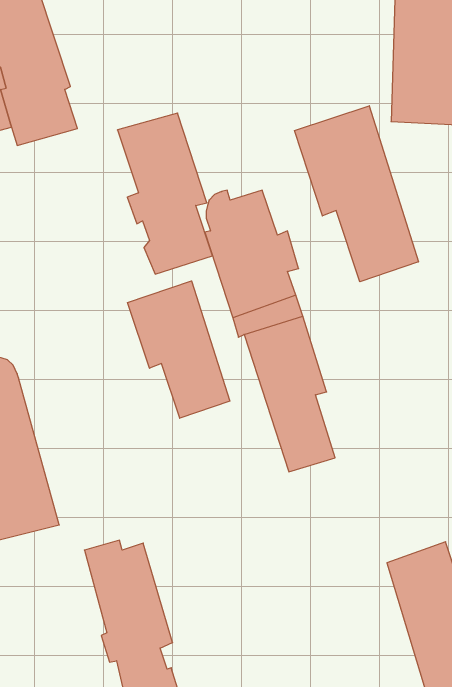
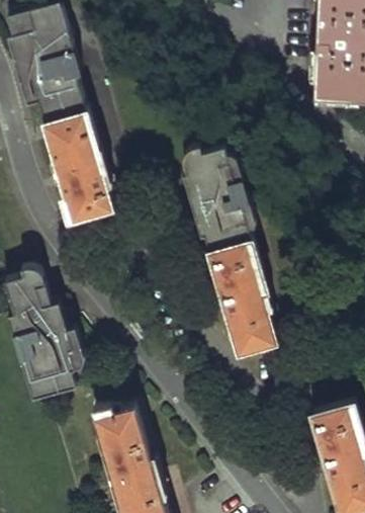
building: [294,106,418,282] -> none
building: [117,113,213,274] -> [44,105,113,222]
building: [128,281,230,418] -> none

